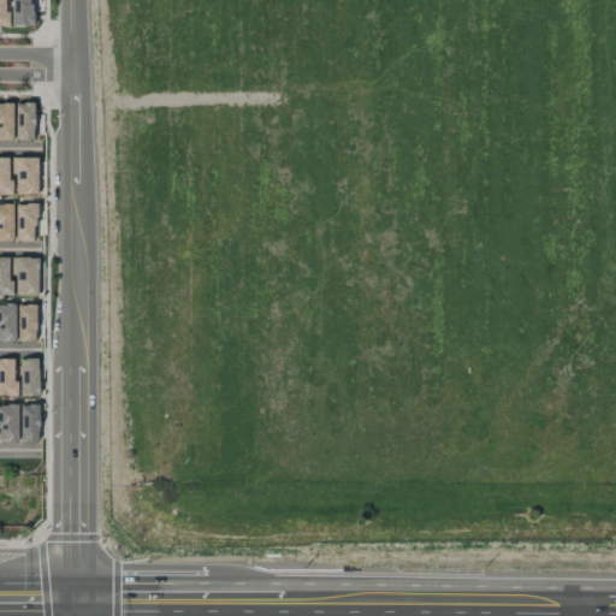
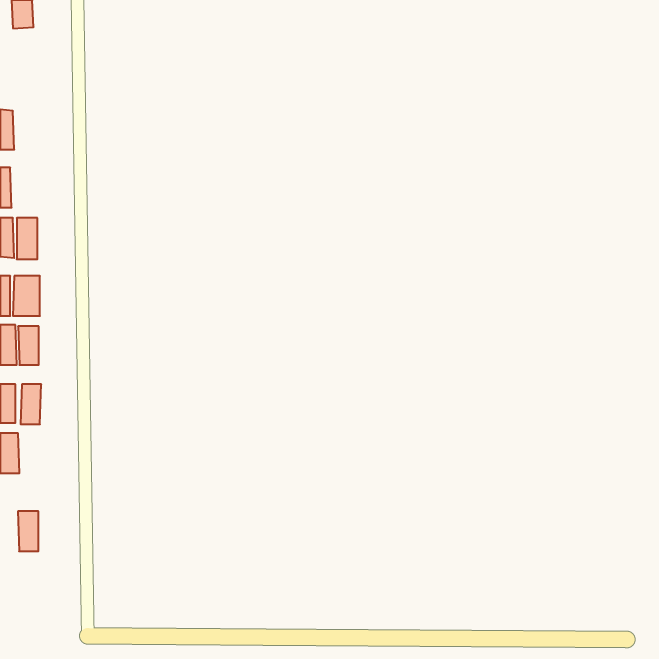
building: [14,102,34,141] -> none
building: [13,156,37,194] -> none
building: [19,404,38,442] -> [18,511,38,551]

